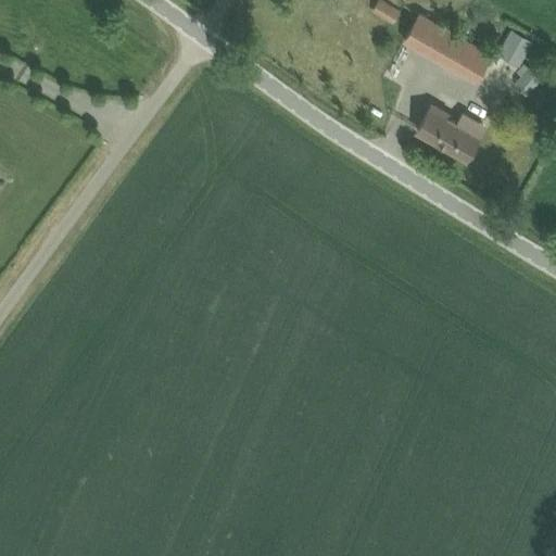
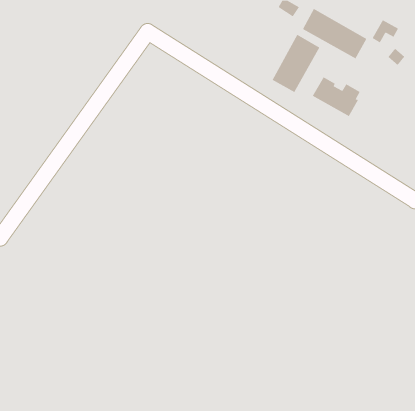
building: none -> [272,34,320,93]

